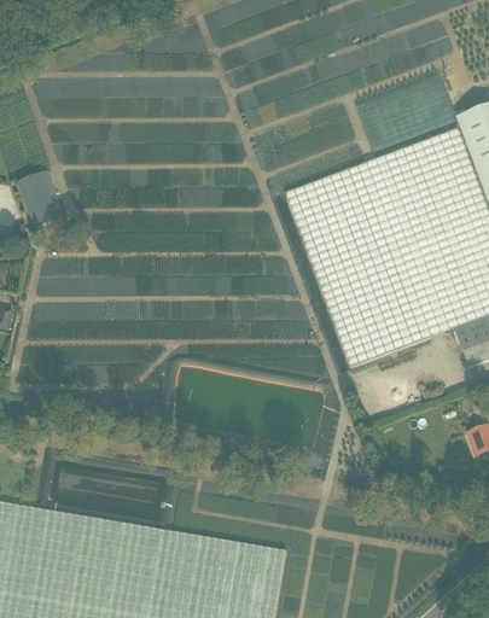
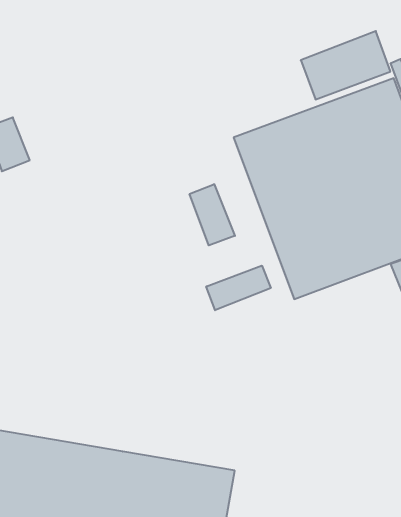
building: none -> [190,184,235,245]
building: none -> [206,266,271,310]

